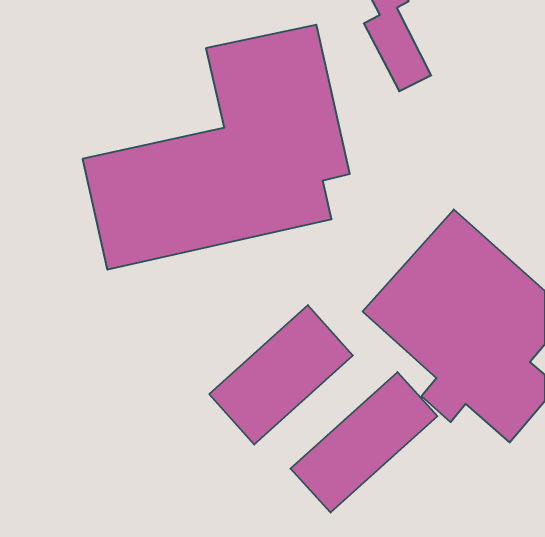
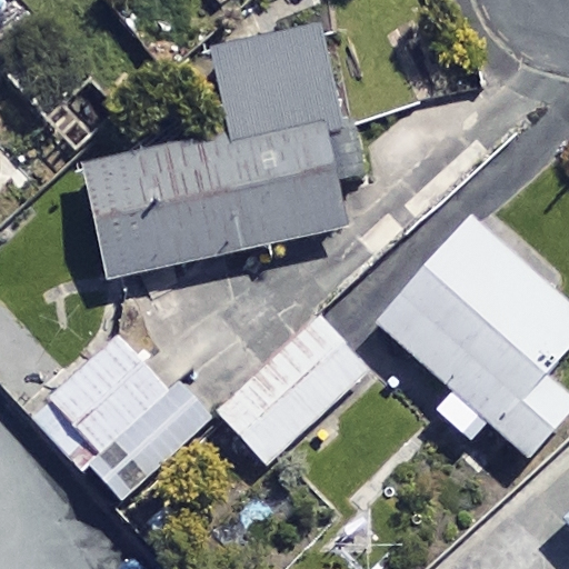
building: none -> [30,331,216,503]
building: [290,372,437,513] -> none

